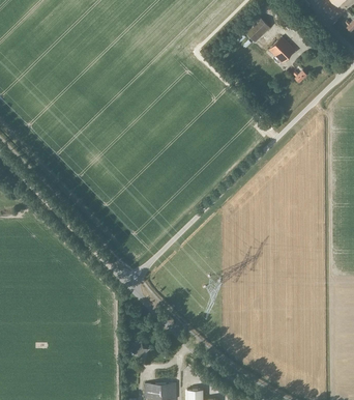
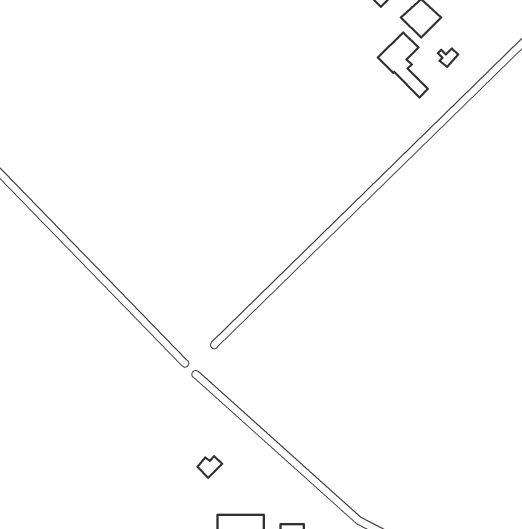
building: none -> [378,32,428,97]

